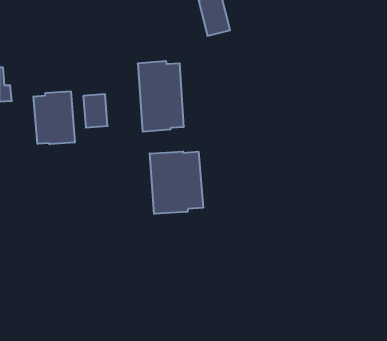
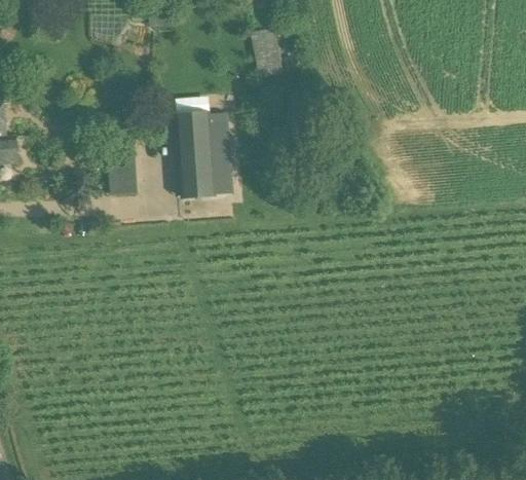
building: [34,91,75,144] -> none
building: [150,151,203,214] -> none

